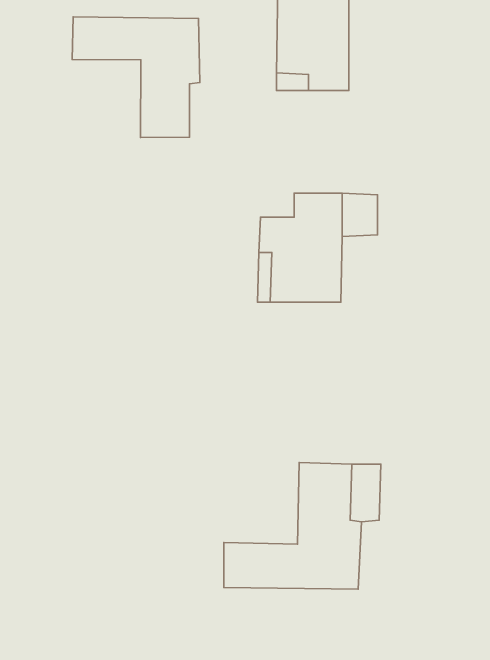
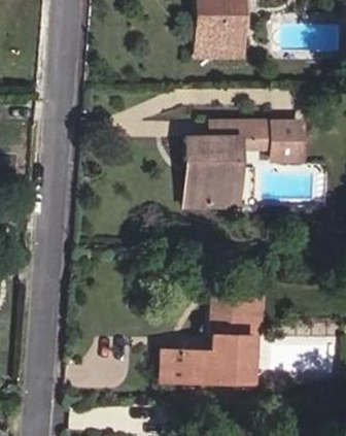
building: [72,17,200,138] -> none
building: none -> [263,128,303,166]

